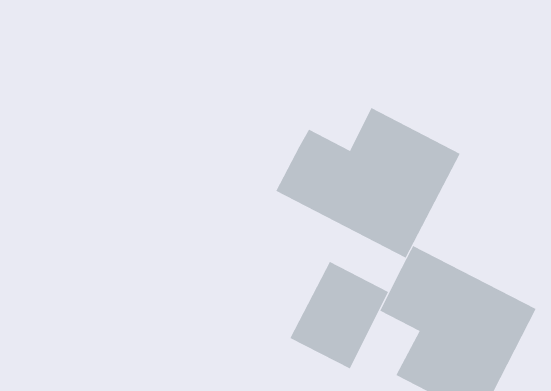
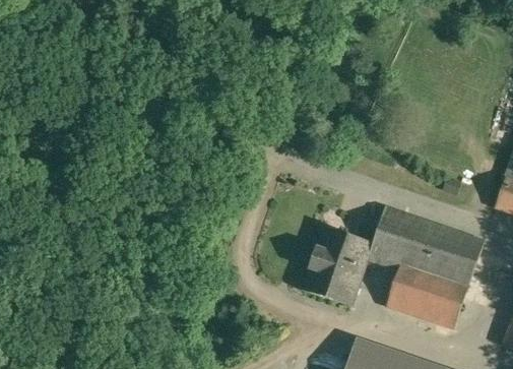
building: [276,107,460,258] -> none

